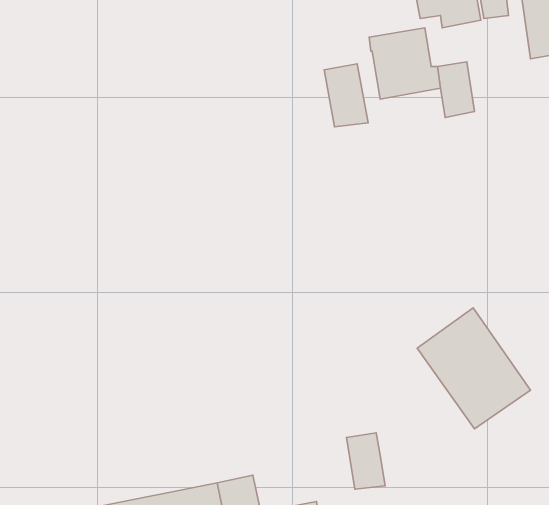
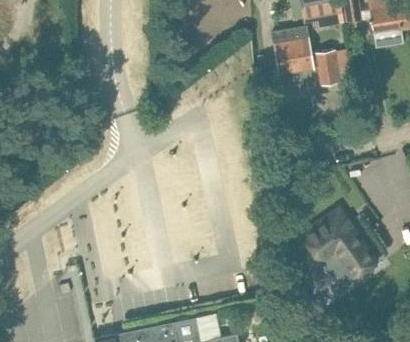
building: [324,64,368,127] -> none
building: [347,433,385,489] -> none

